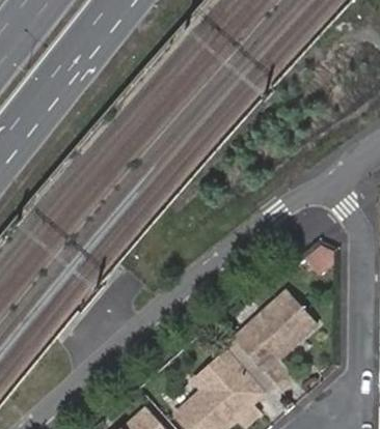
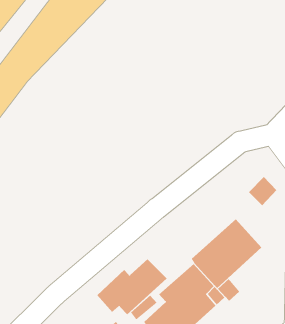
building: none -> [96,259,167,315]

